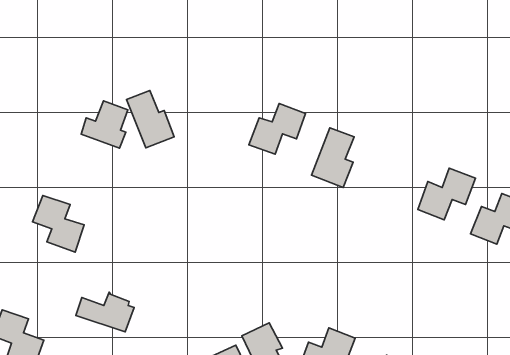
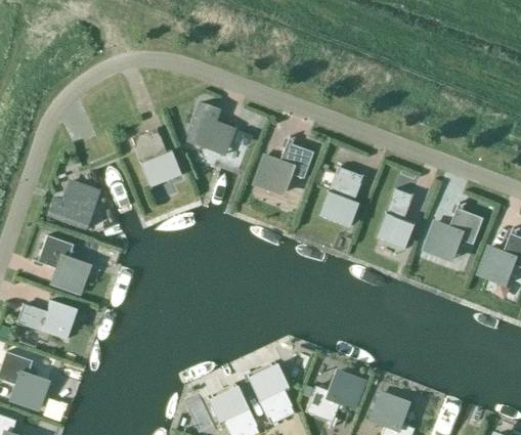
building: none -> [187,102,233,150]
building: [81,101,128,148] -> [47,182,94,230]
building: none -> [377,188,416,248]
building: [76,292,134,332] -> [16,299,76,339]

